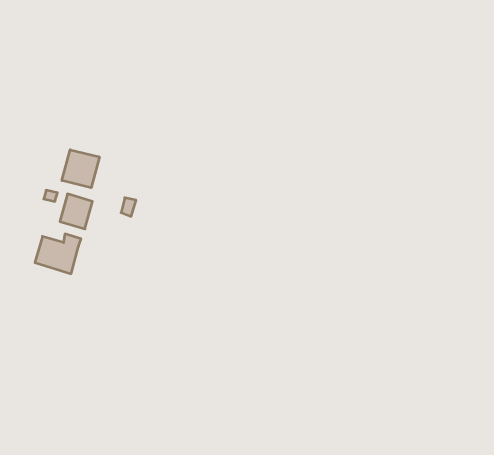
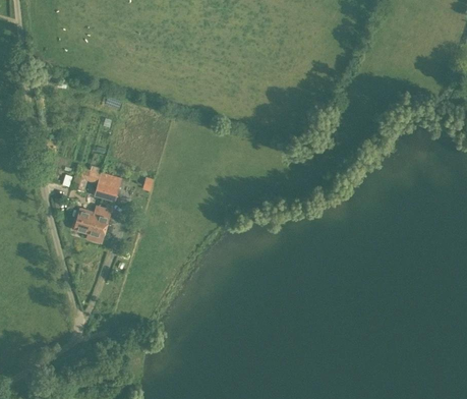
building: [62,150,99,188] -> none

